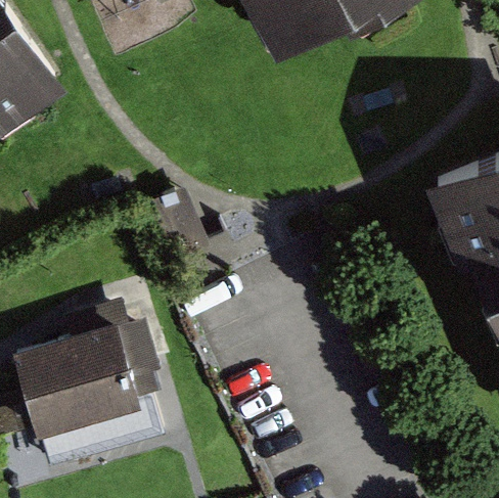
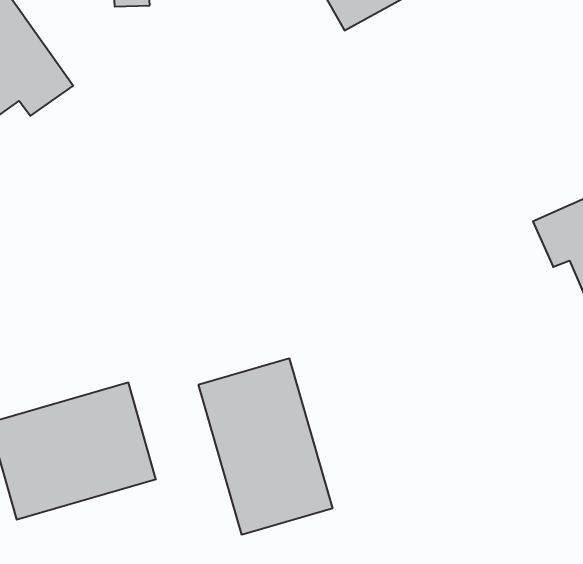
building: none -> [199,358,332,535]

